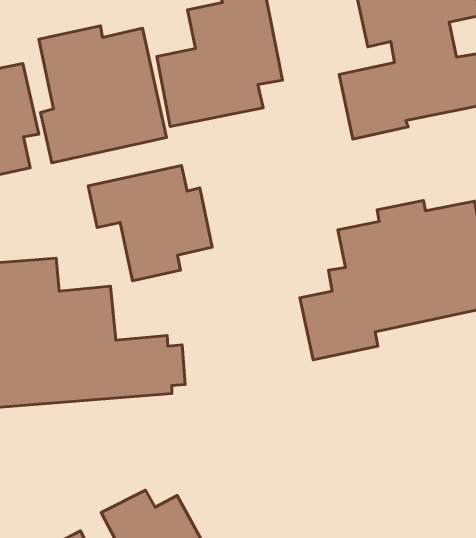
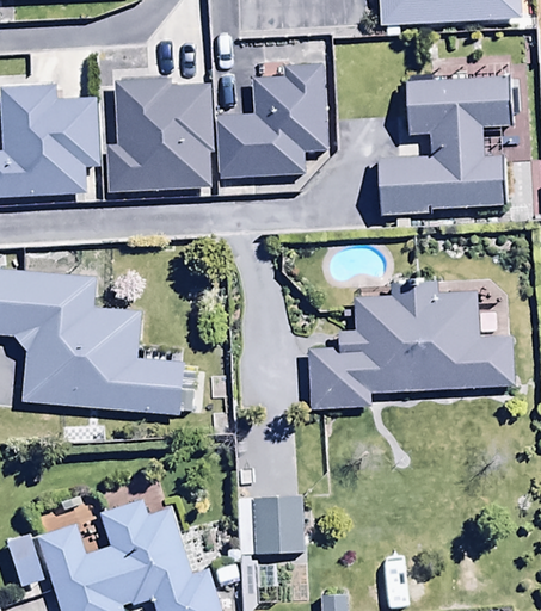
building: [88,165,212,281] -> none
building: none -> [236,495,305,554]

